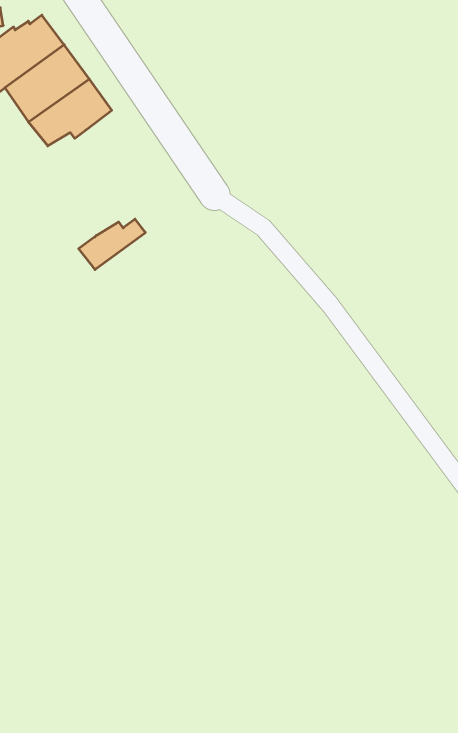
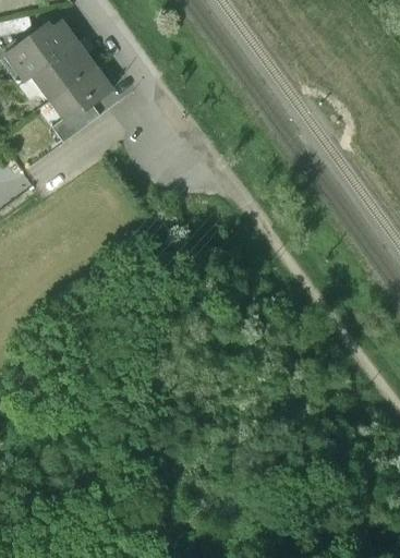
building: [79,219,145,270] -> [51,105,100,142]

